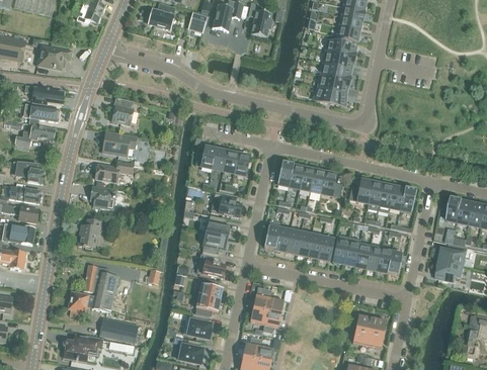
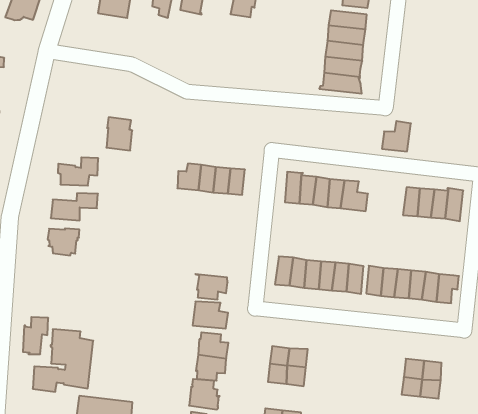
building: [112,97,134,124] -> [106,117,132,150]
building: [348,179,373,203] -> [382,121,411,151]
building: [211,192,241,216] -> none
building: [202,215,230,238] -> none
building: [78,218,100,248] -> [23,317,48,354]

